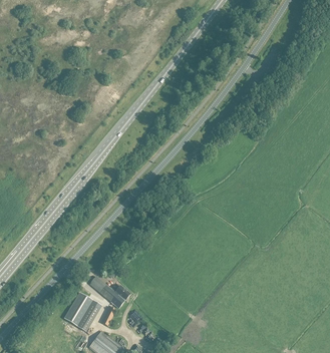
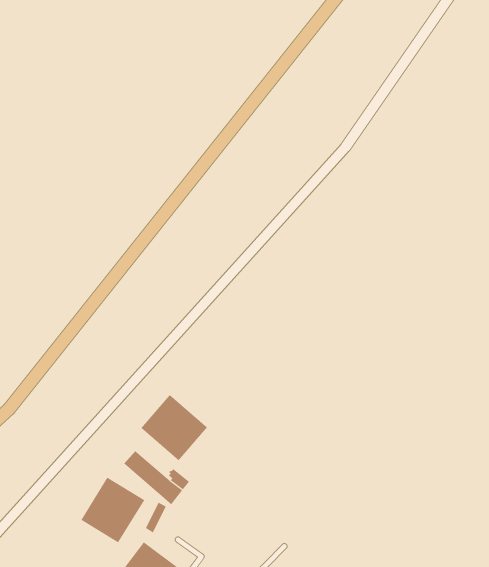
building: none -> [140,394,208,461]

